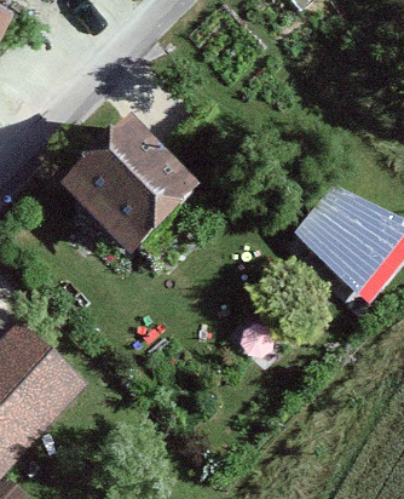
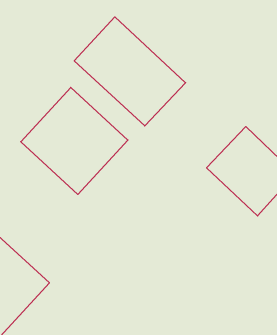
building: none -> [74,17,186,126]

